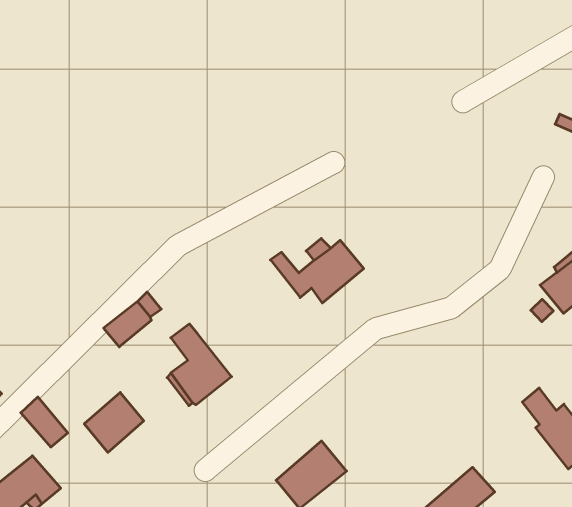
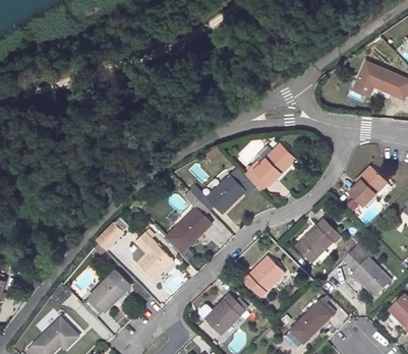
building: none -> [251,143,295,185]
building: none -> [164,204,212,253]
building: none -> [297,219,340,260]
building: none -> [243,255,285,296]

